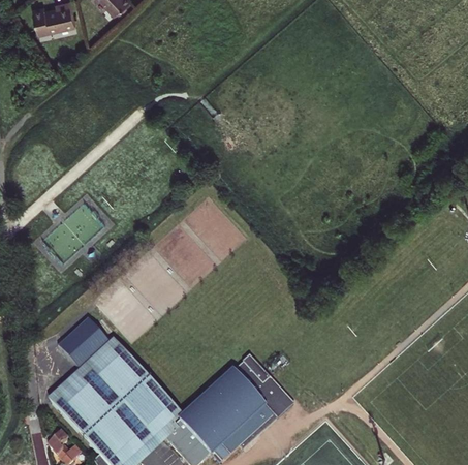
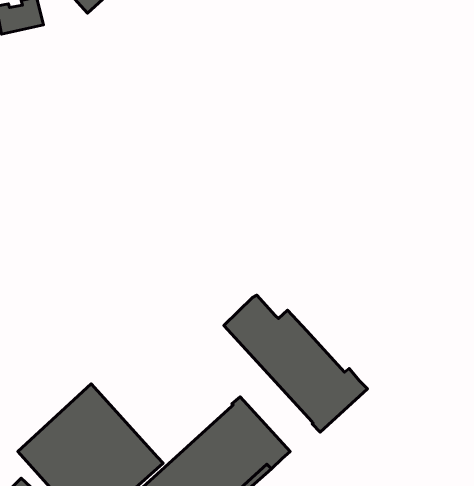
building: none -> [224,295,367,432]
building: [59,318,110,369] -> none

